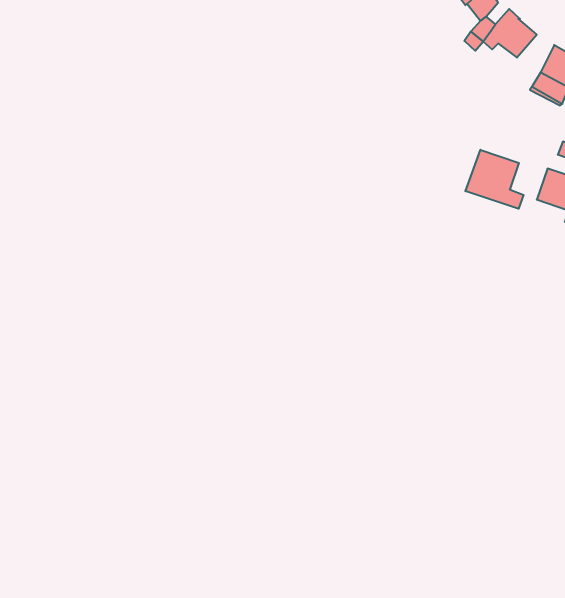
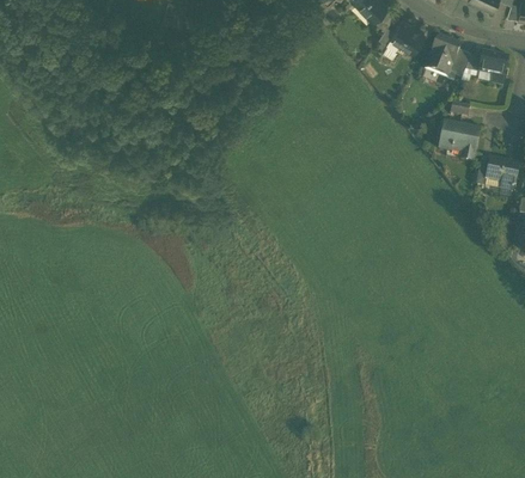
building: [465,150,524,209] -> none

